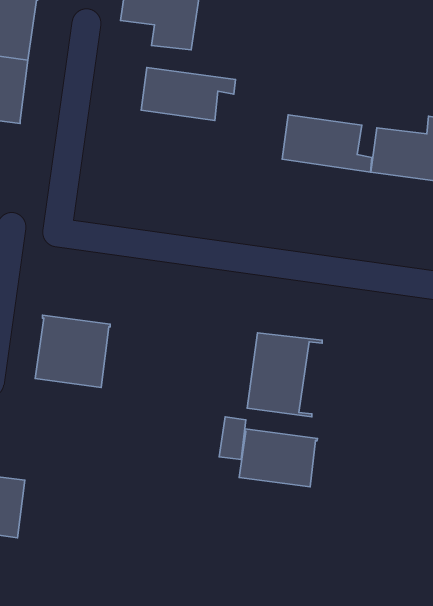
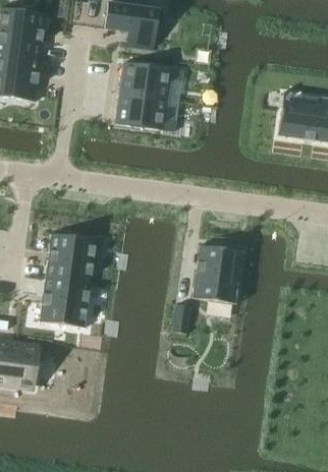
building: [282,115,372,172] -> [115,91,177,130]
building: none -> [39,276,92,327]
building: [239,429,318,487] -> none

